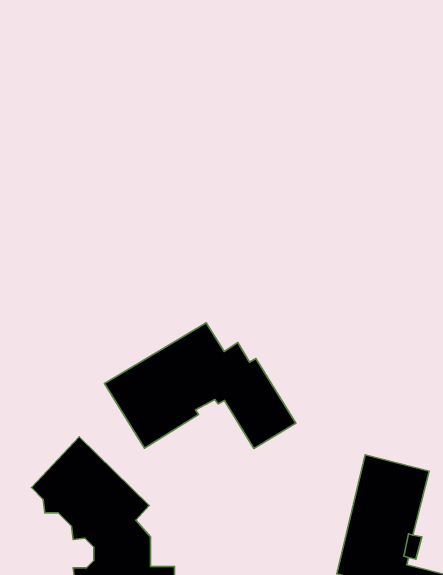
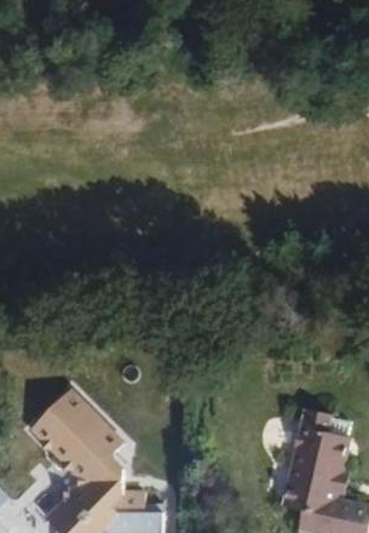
building: [104,323,296,449] -> none

